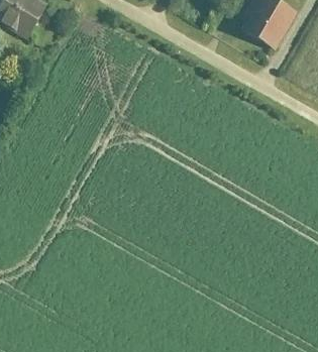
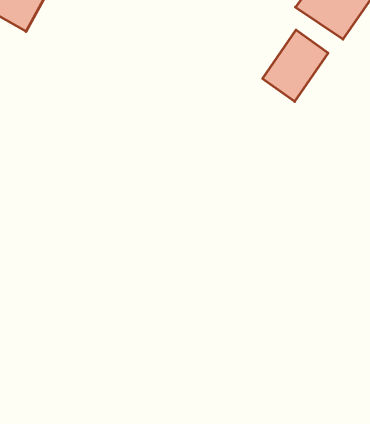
building: none -> [263,30,328,102]

